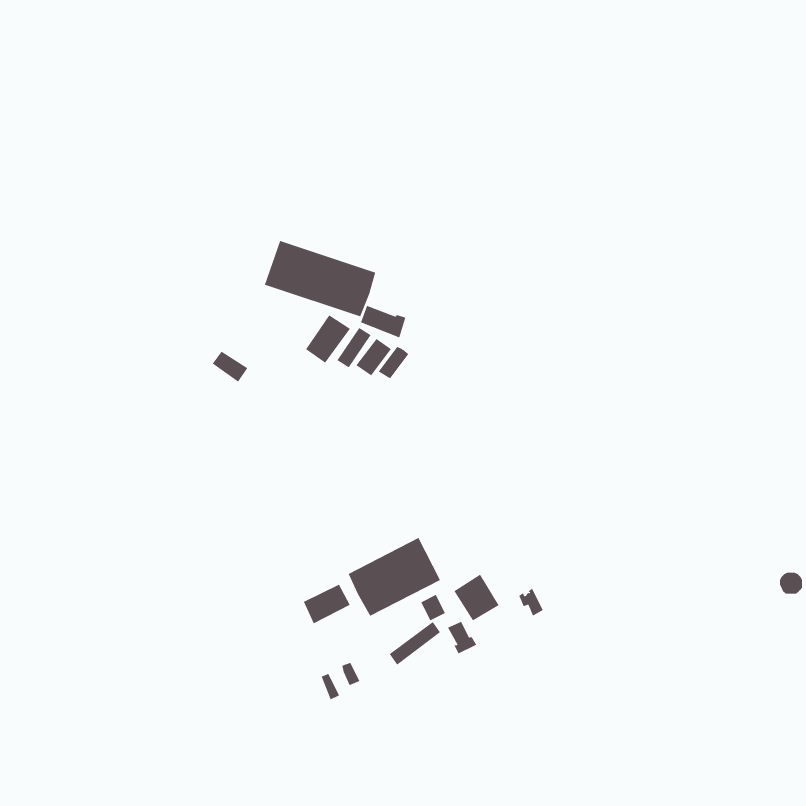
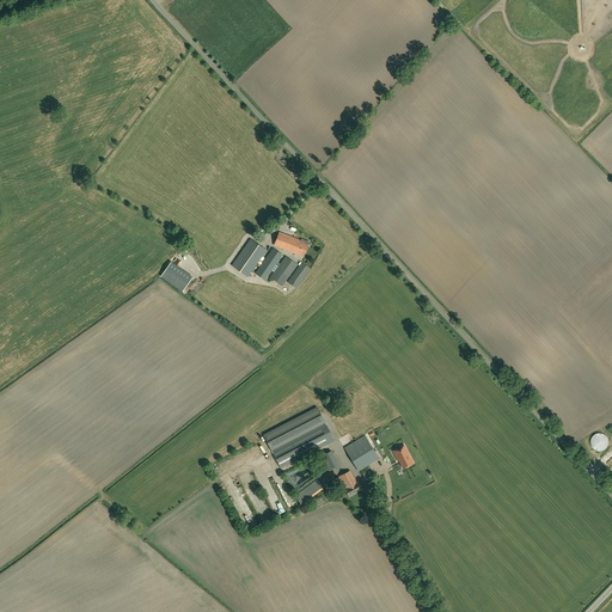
building: [264,240,376,317] -> none
building: [303,584,350,624] -> none

